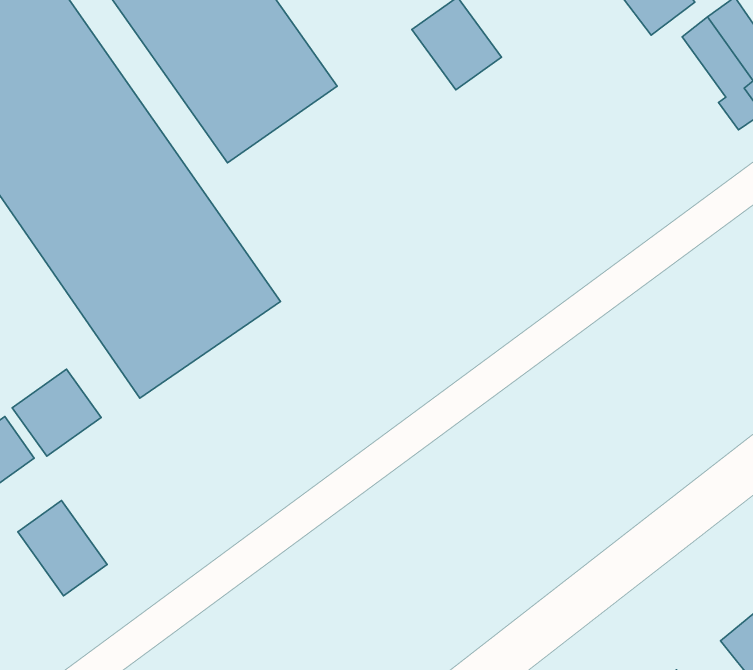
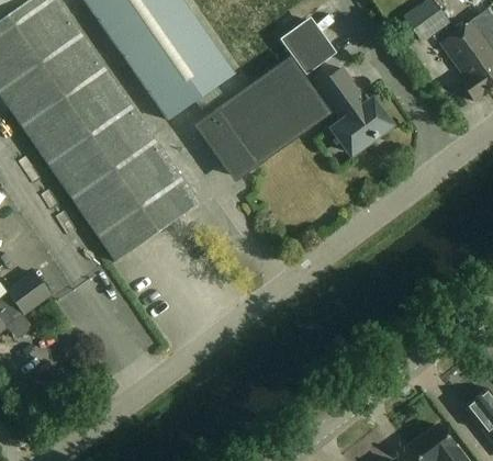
building: none -> [200,60,389,176]
building: [12,369,101,456] -> none
building: [18,500,107,596] -> none

